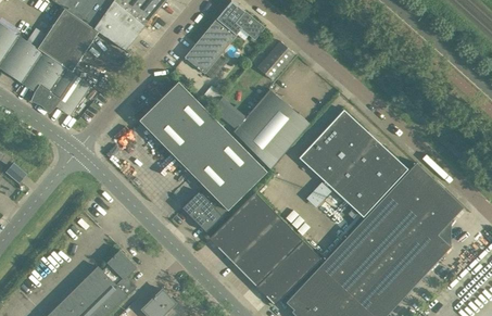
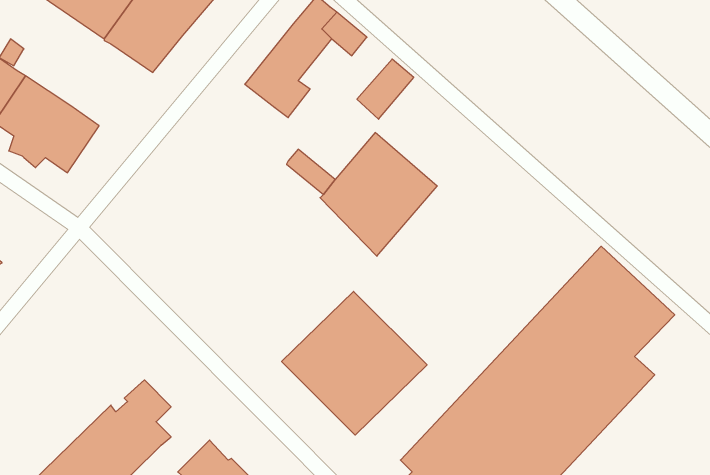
building: [37,9,98,72] -> none
building: [139,81,266,231] -> none
building: [299,110,407,217] -> none
building: [256,240,320,305] -> none

